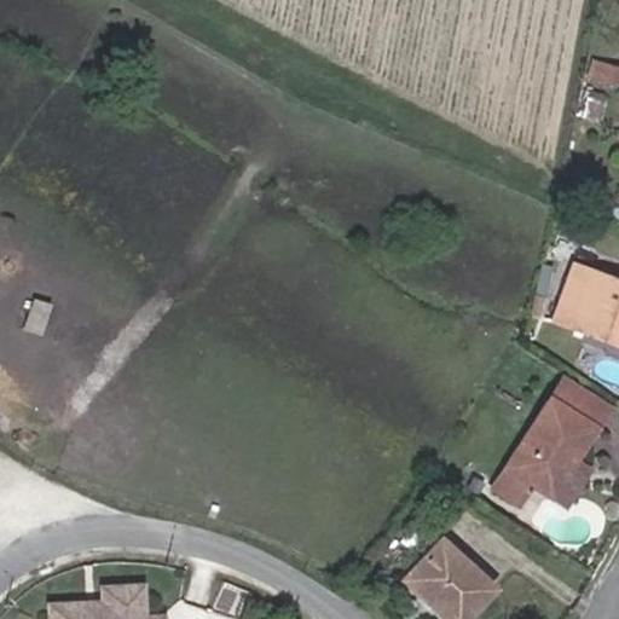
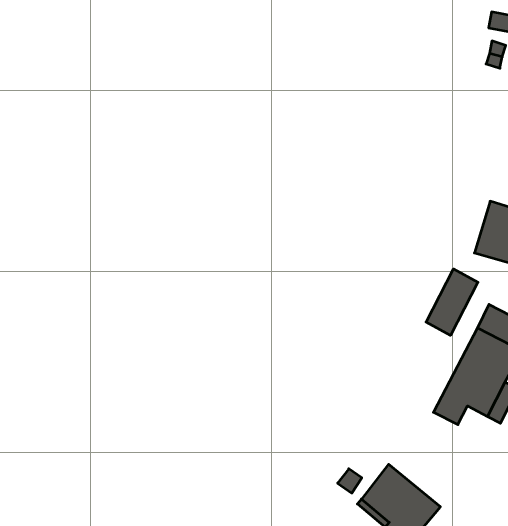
building: none -> [426,269,478,335]

